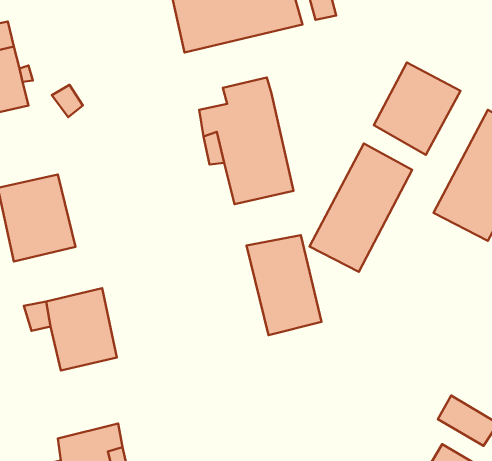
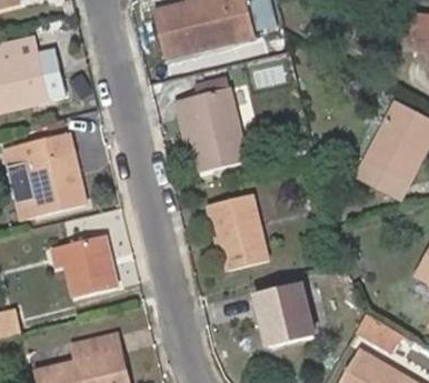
building: [374,63,461,155] -> none
building: [309,143,412,272] -> none
building: none -> [258,282,316,345]

